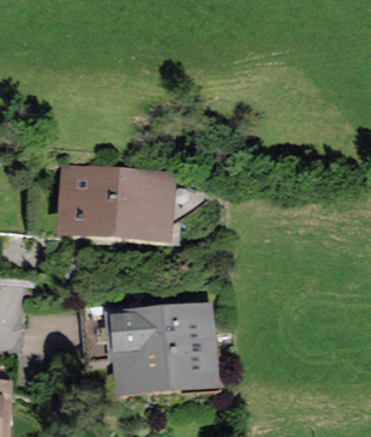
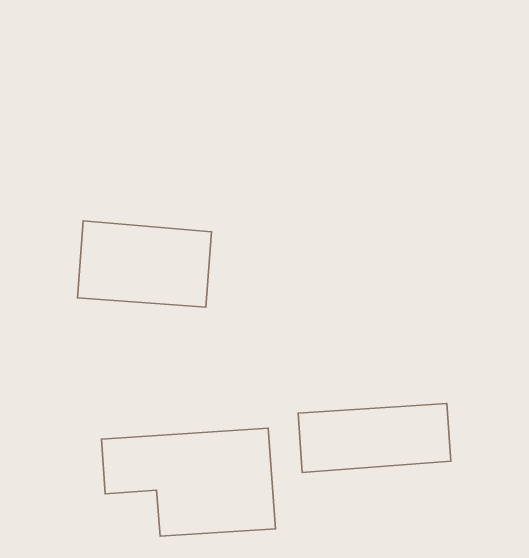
building: none -> [298,403,451,473]

